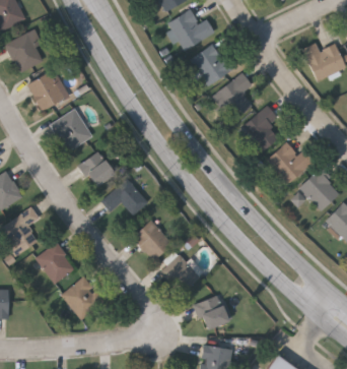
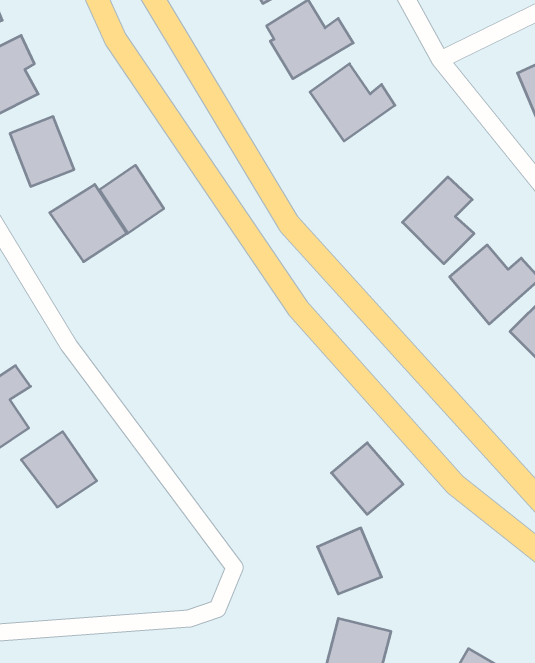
building: [215,72,253,119] -> none
building: [80,150,115,187] -> [100,165,164,233]
building: [102,178,148,214] -> none
building: [133,220,172,260] -> none
building: [161,254,200,293] -> [331,443,403,514]
building: [62,275,105,319] -> none

